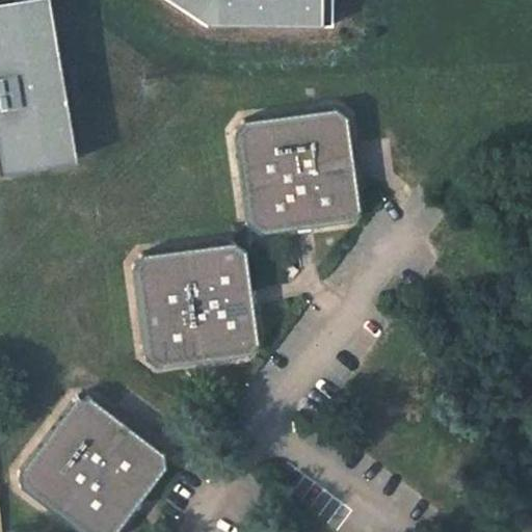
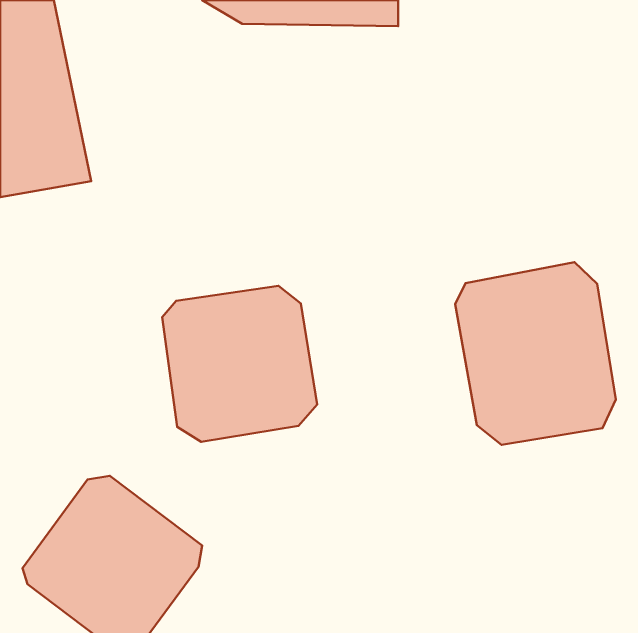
building: [237,107,364,236] -> none
building: none -> [455,262,616,445]

